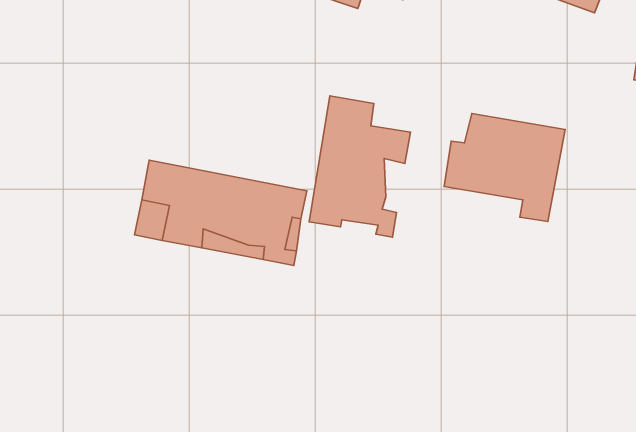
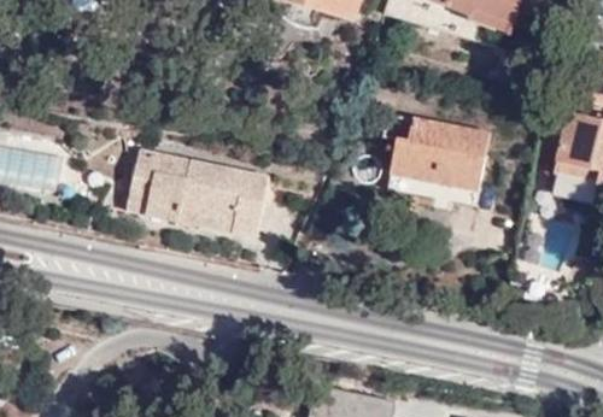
building: [309,96,410,237] -> none

